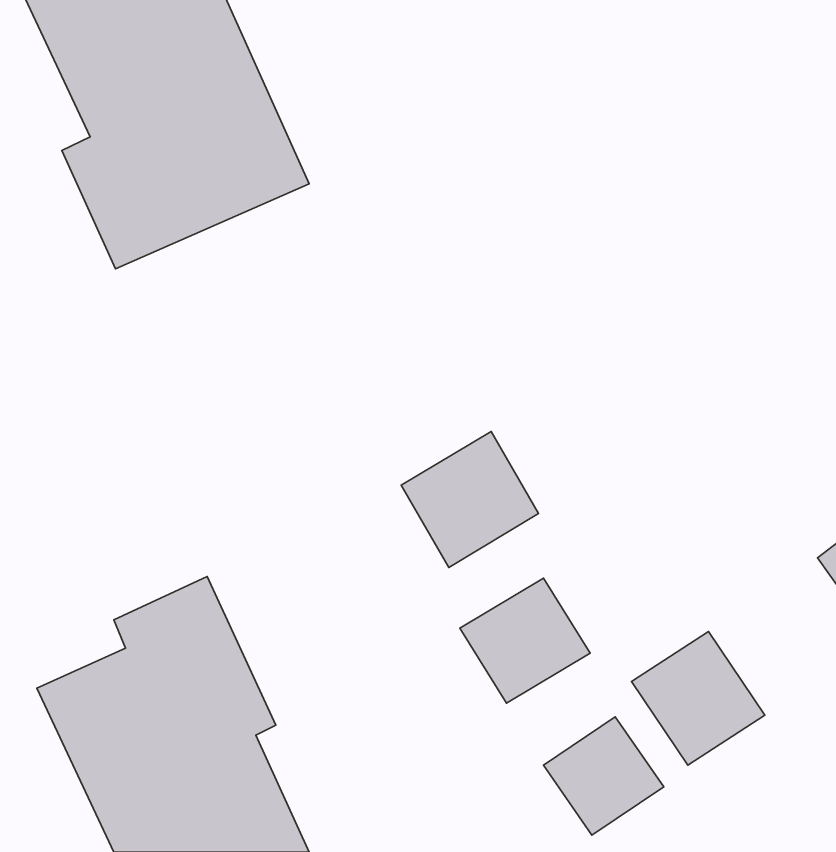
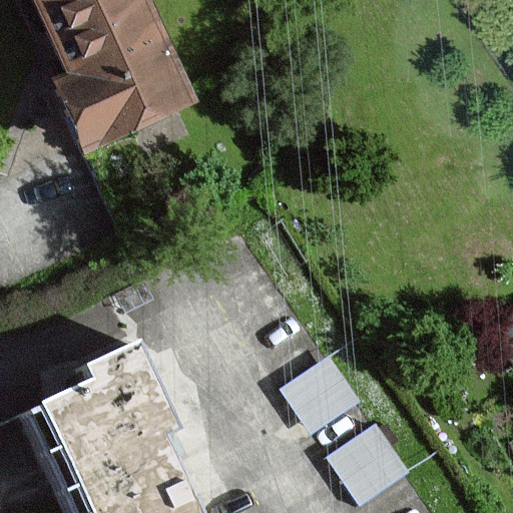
building: [401,431,539,567] -> none
building: [631,631,765,765] -> none

